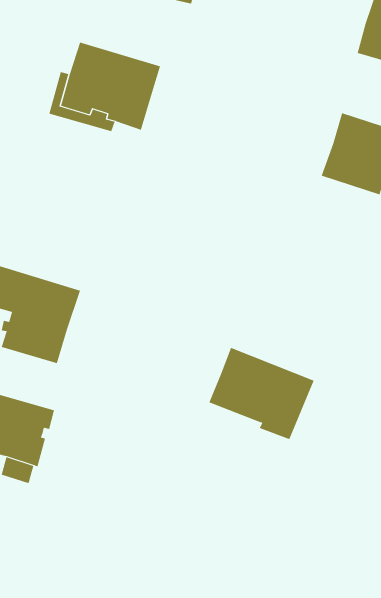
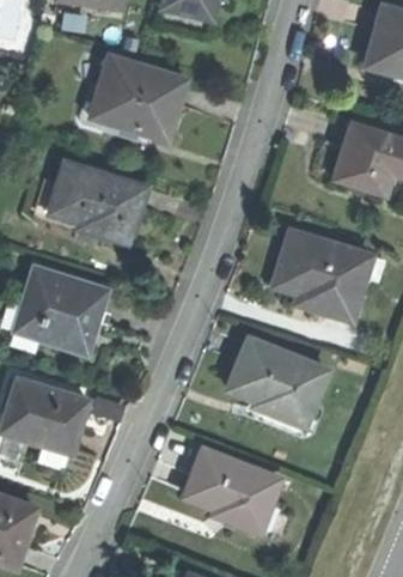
building: none -> [48,160,146,242]
building: none -> [275,231,366,322]
building: none -> [184,450,280,534]

